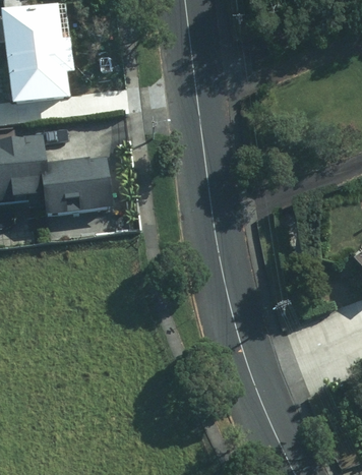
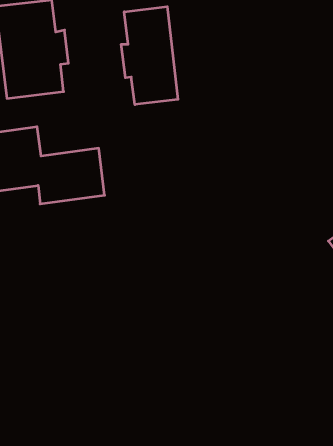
building: none -> [121,7,178,105]

